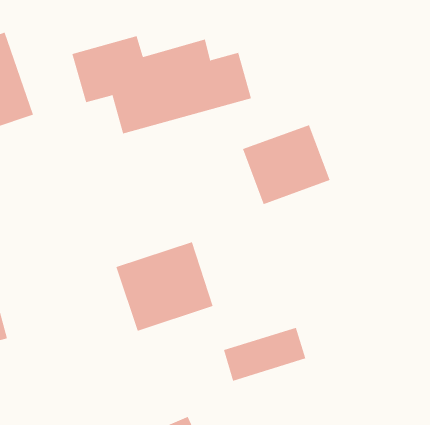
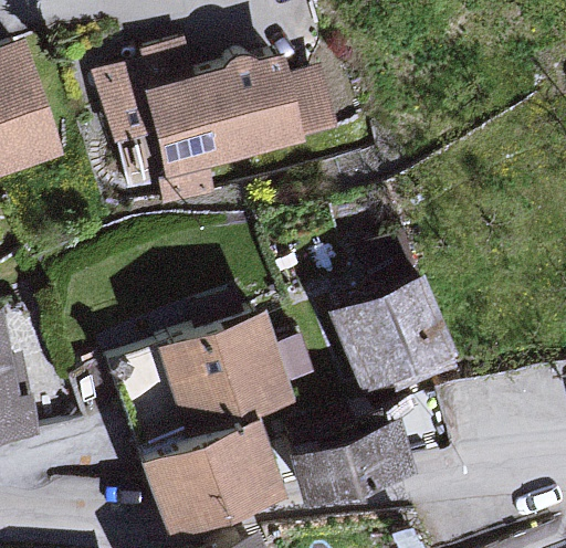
building: [242,124,330,205] -> [340,280,452,381]
building: none -> [137,420,277,534]

